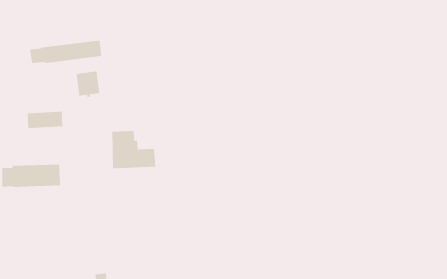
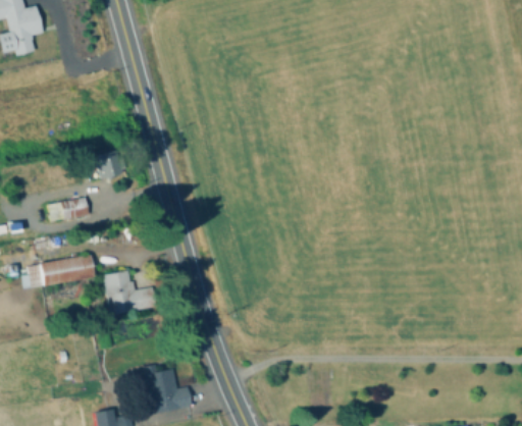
building: [29,40,102,64] -> none
building: [111,131,156,169] -> [104,271,157,315]

